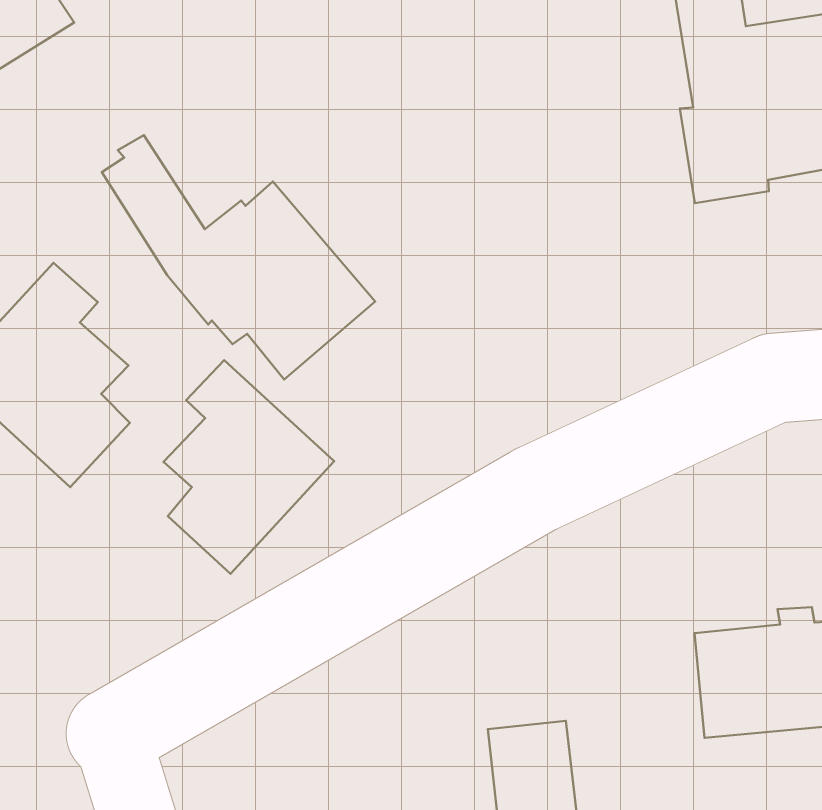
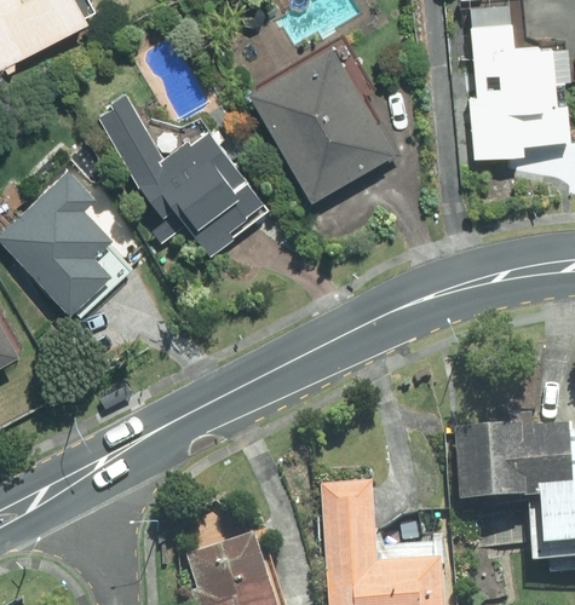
building: none -> [242,46,401,207]
building: [164,360,334,574] -> none

